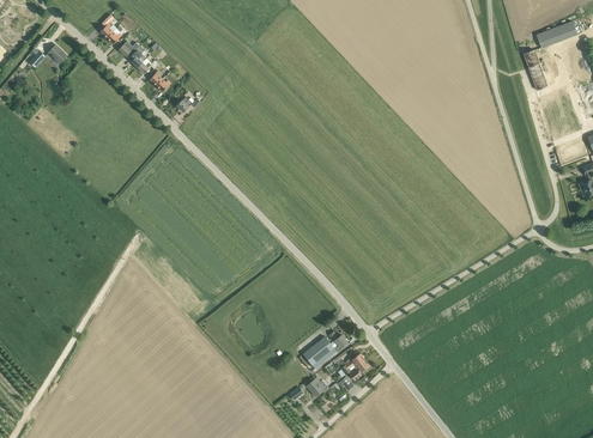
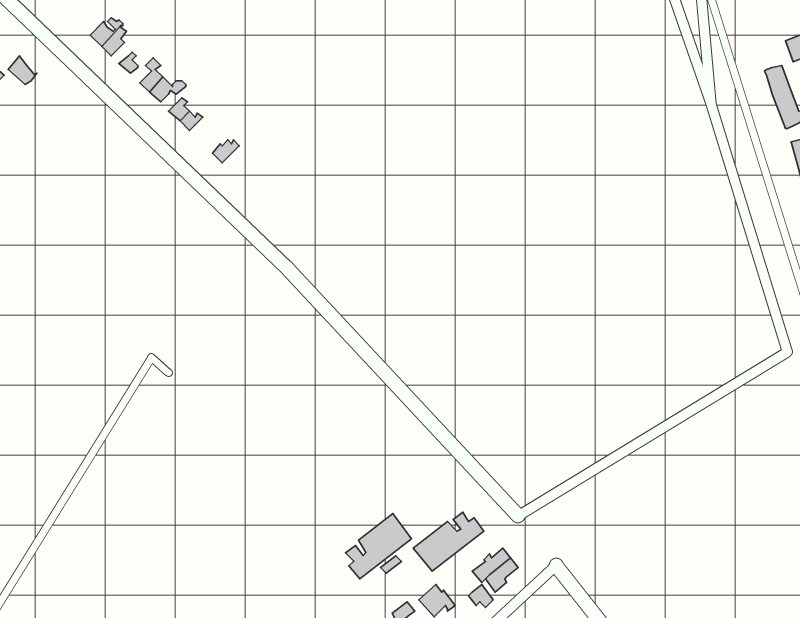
building: none -> [346,514,411,579]

